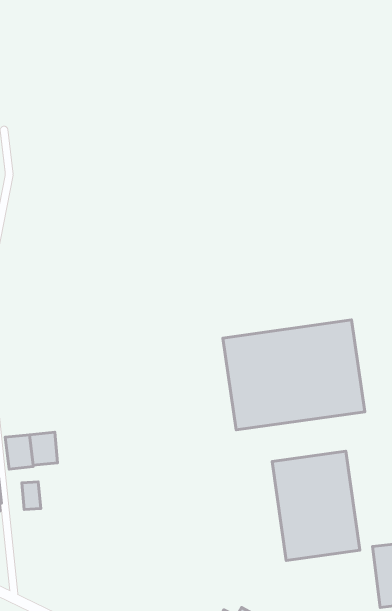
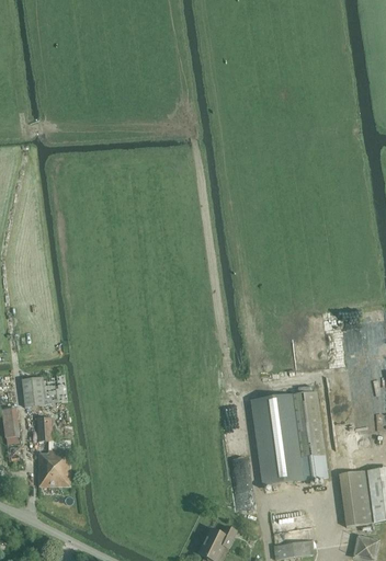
building: [223,320,365,430] -> none
building: none -> [37,443,69,486]

